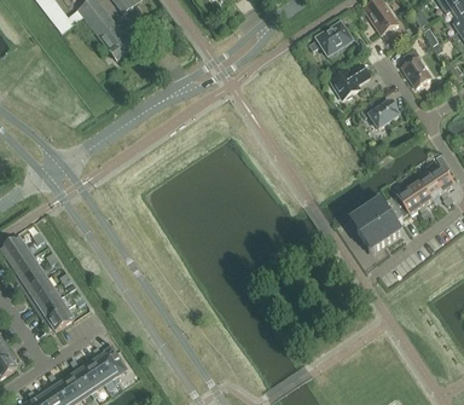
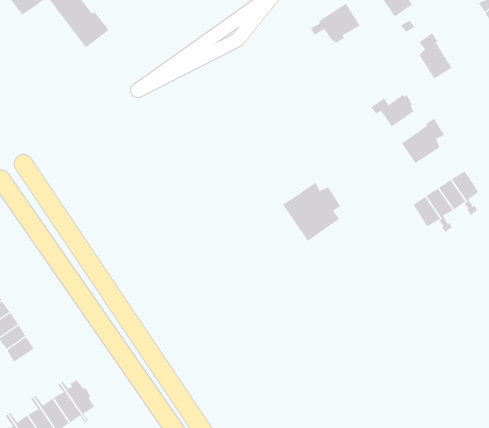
building: [330,63,369,98] -> none
building: none -> [401,118,445,164]
building: [352,202,402,253] -> [282,182,341,241]

